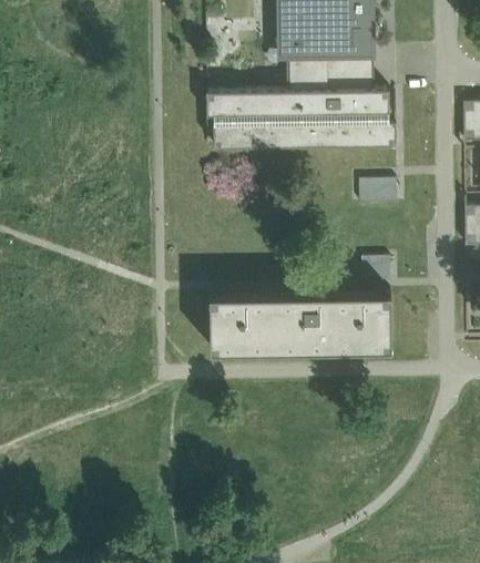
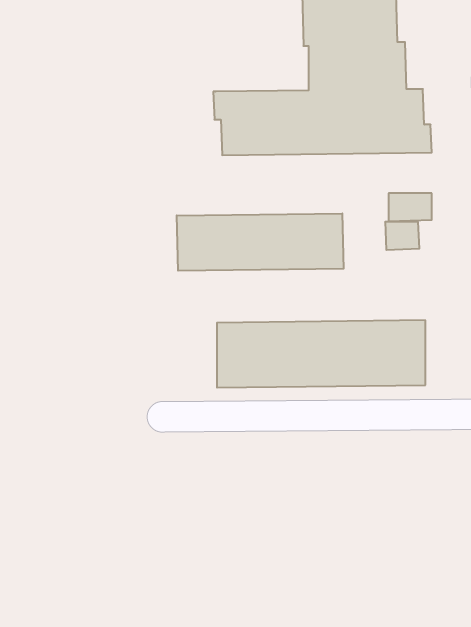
building: none -> [177,213,344,271]
building: [361,259,391,284] -> [385,222,419,250]

